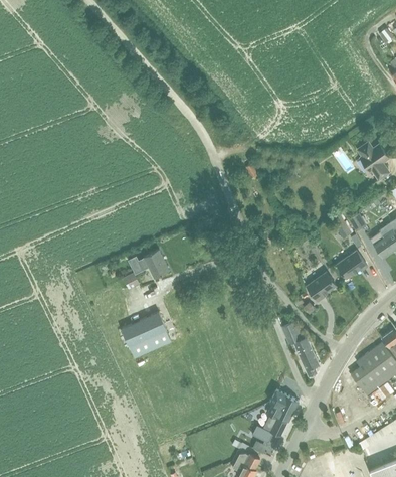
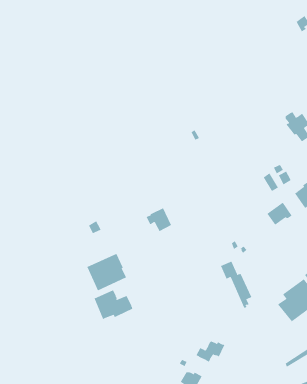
building: [138,250,169,279] -> [146,207,172,232]
building: [308,273,338,302] -> none
building: none -> [94,289,133,320]
building: [268,390,299,422] -> none

